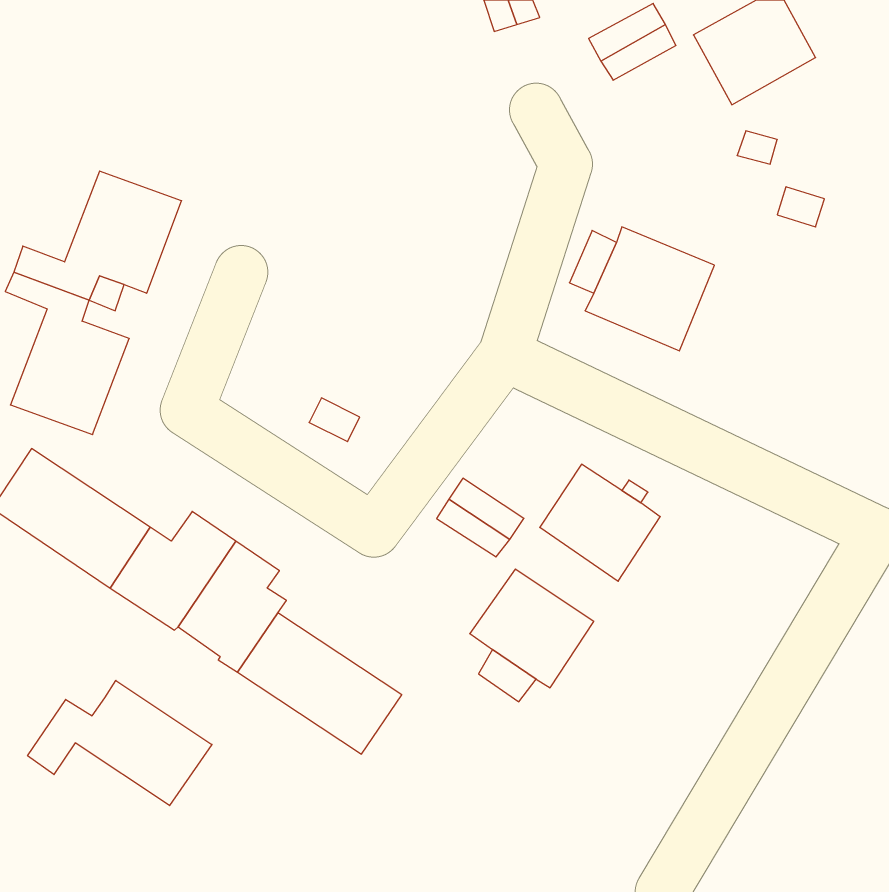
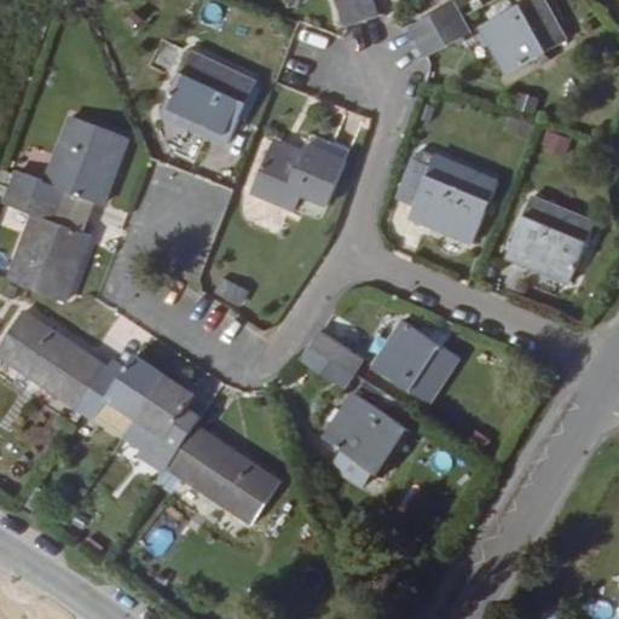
building: none -> [157,54,249,144]
building: none -> [251,145,346,209]
building: none -> [503,197,594,285]
building: [28,680,212,806] -> none

